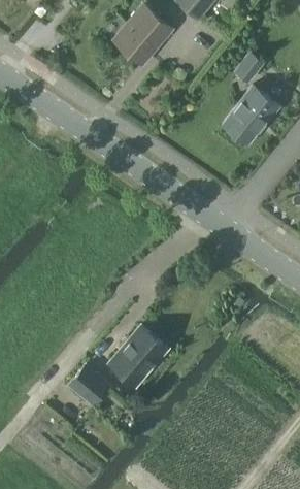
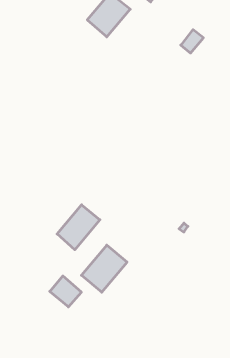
building: [223,86,279,144] -> none
building: none -> [57,205,100,250]

